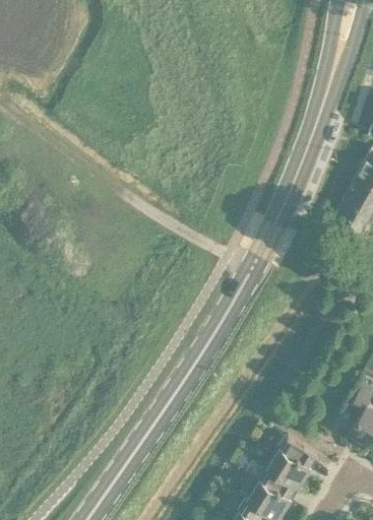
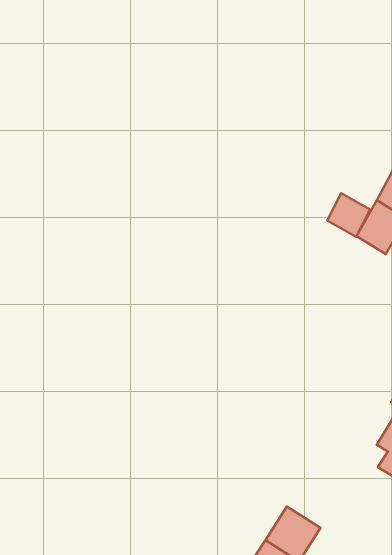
building: none -> [327,193,370,237]
building: [268,434,319,485] -> none

